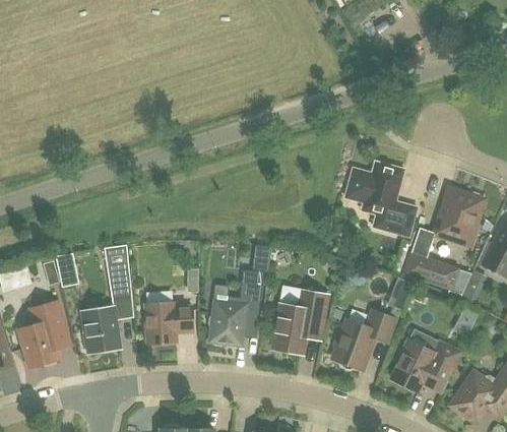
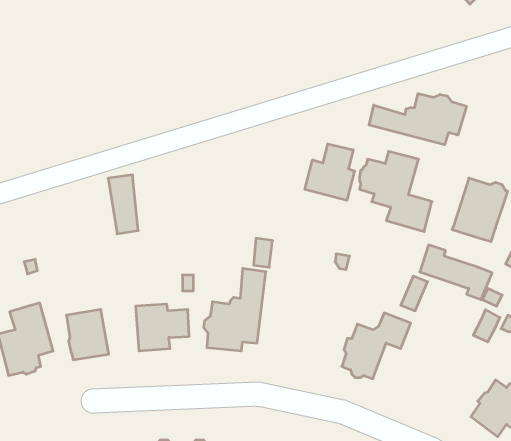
building: none -> [369,94,466,145]
building: none -> [305,144,355,200]
building: [104,245,131,299] -> [108,175,138,234]
building: [55,253,78,288] -> none
building: [272,288,326,354] -> none
building: [390,340,460,392] -> none

